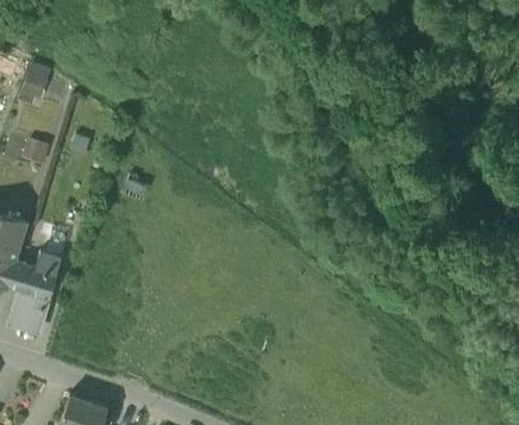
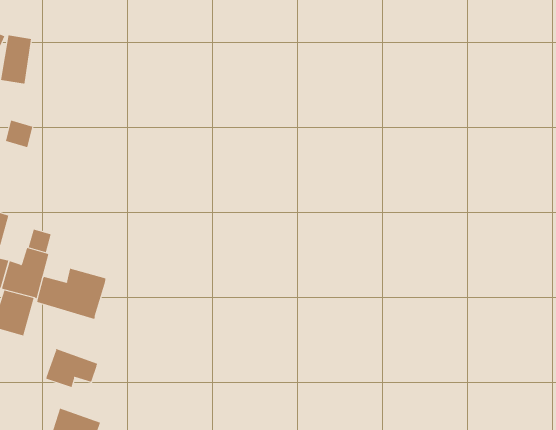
building: none -> [37,268,106,320]
building: none -> [46,348,97,388]

